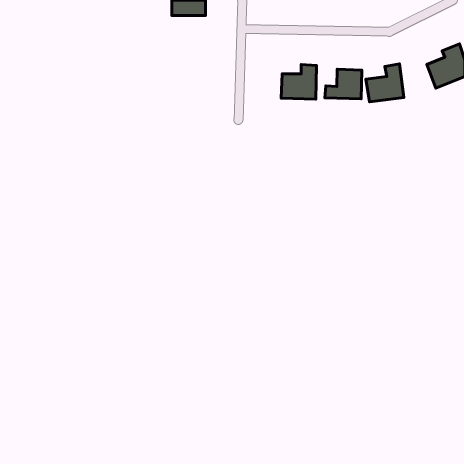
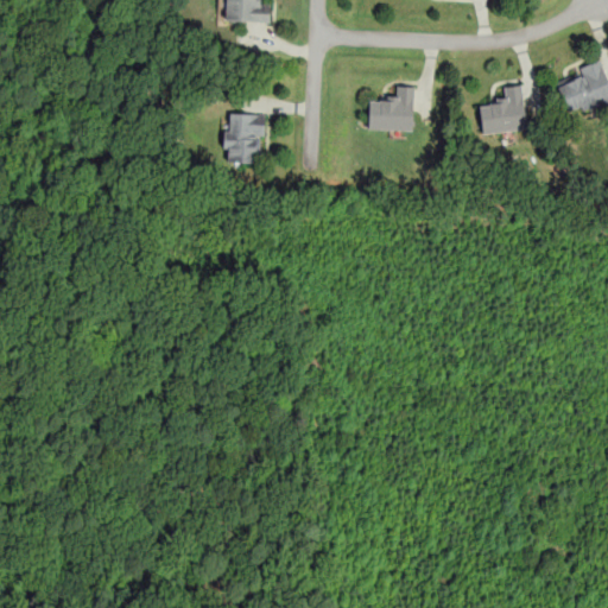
building: [325,69,362,99] -> none
building: none -> [223,113,265,163]

